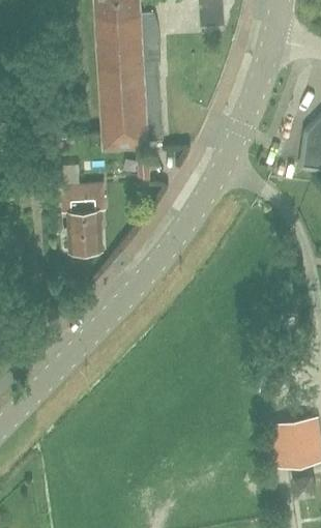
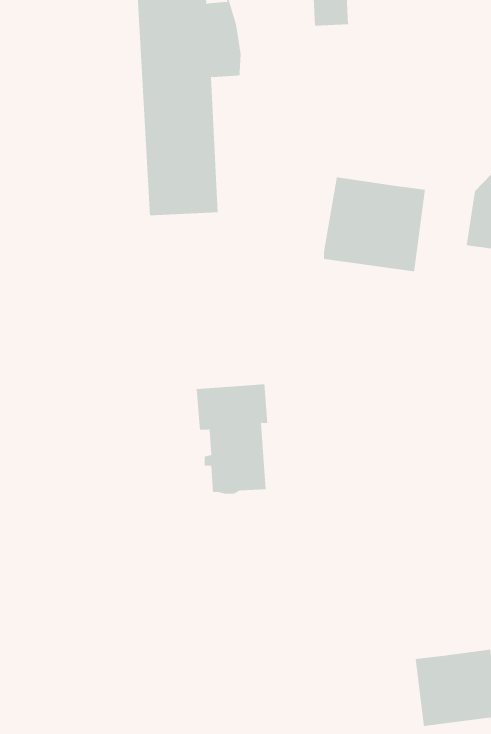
building: none -> [323,177,425,272]
building: [59,182,105,252] -> [196,384,268,494]

